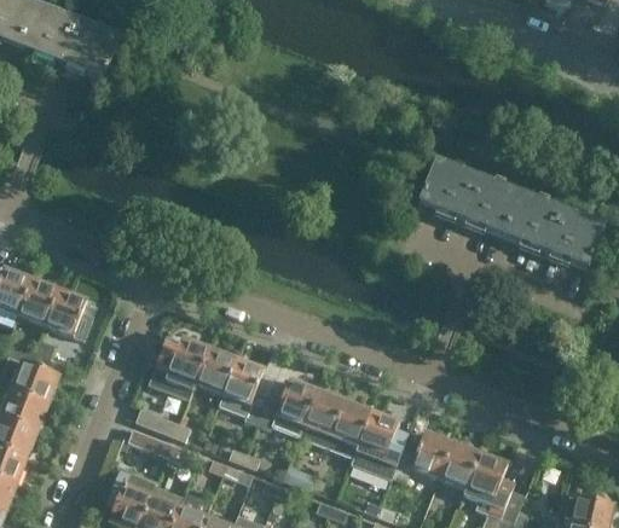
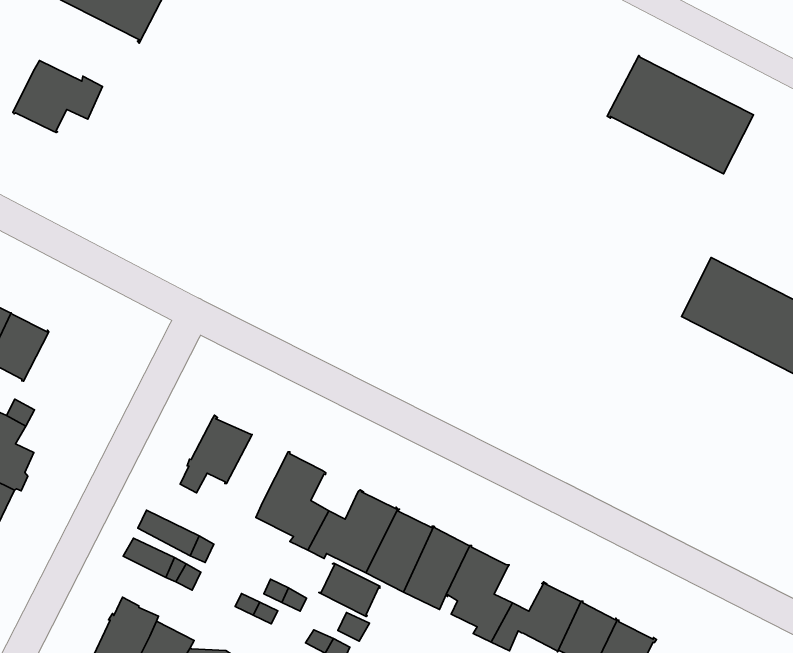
building: none -> [13,60,103,133]
building: [417,157,520,234] -> [607,55,753,174]
building: [45,289,87,336] -> none
building: [195,347,236,394] -> none
building: none -> [319,563,380,617]

